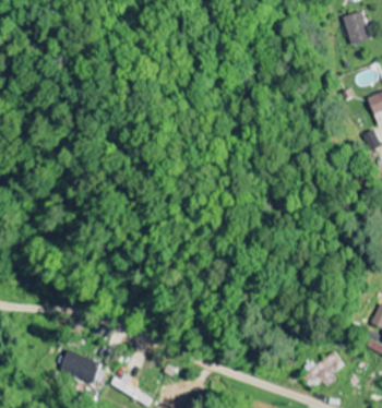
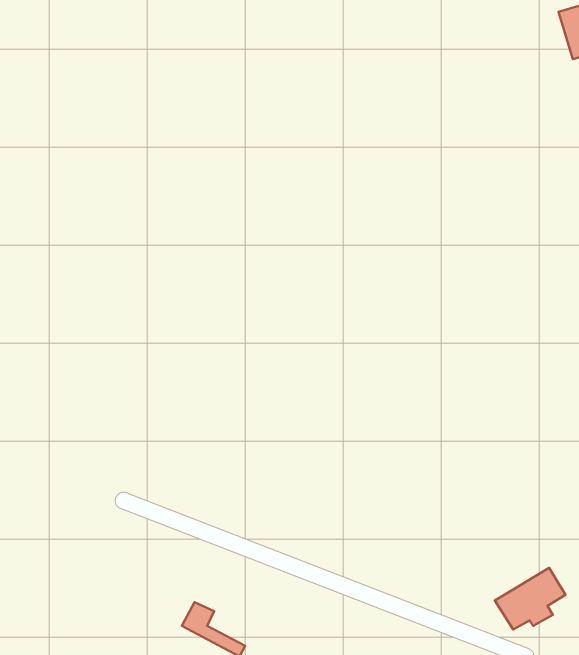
building: [62,351,103,379] -> none

